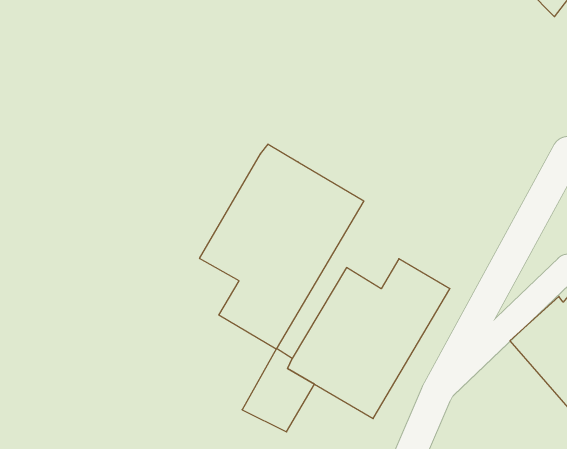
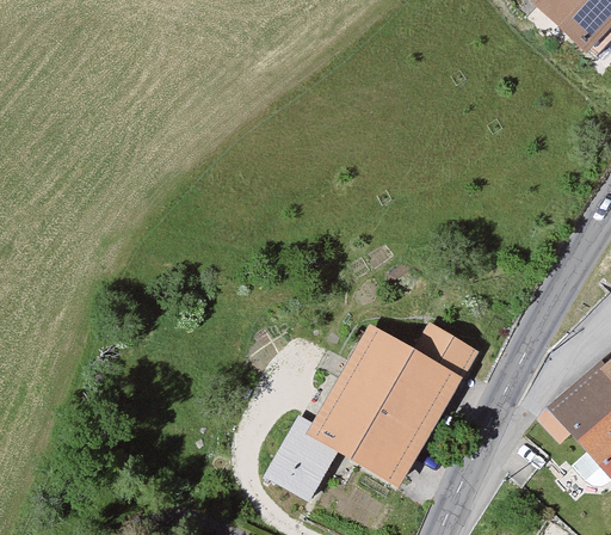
building: [200,144,364,349] -> none

